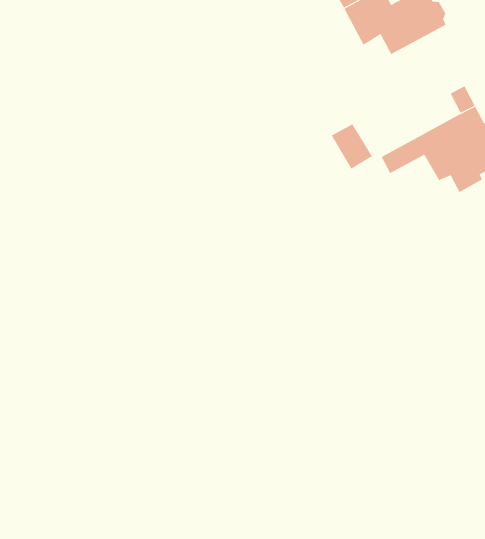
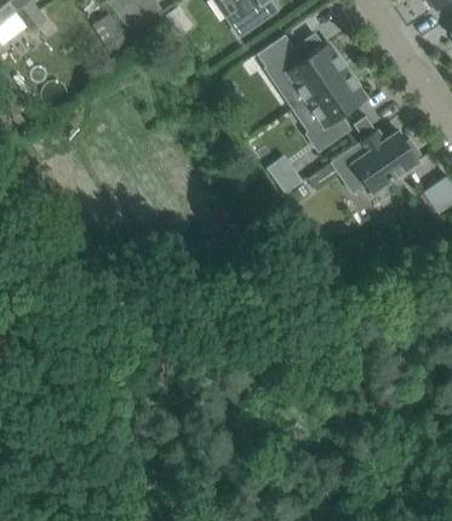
building: none -> [307,71,366,150]

